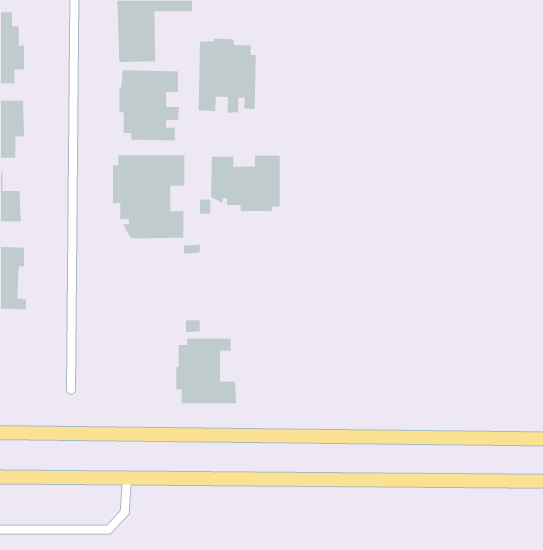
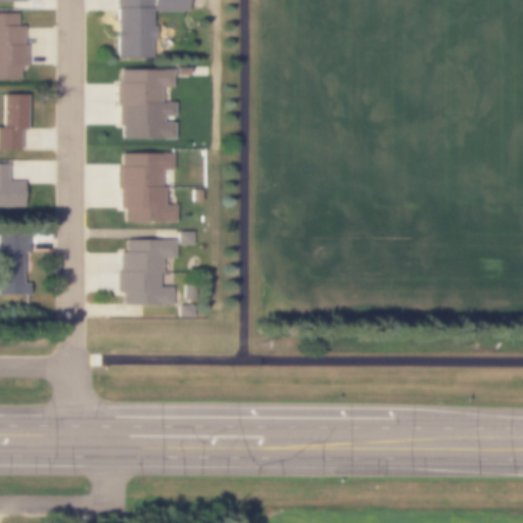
building: [198,38,256,114] -> none
building: [211,155,280,212] -> none
building: [176,338,237,404] -> [120,242,178,304]

